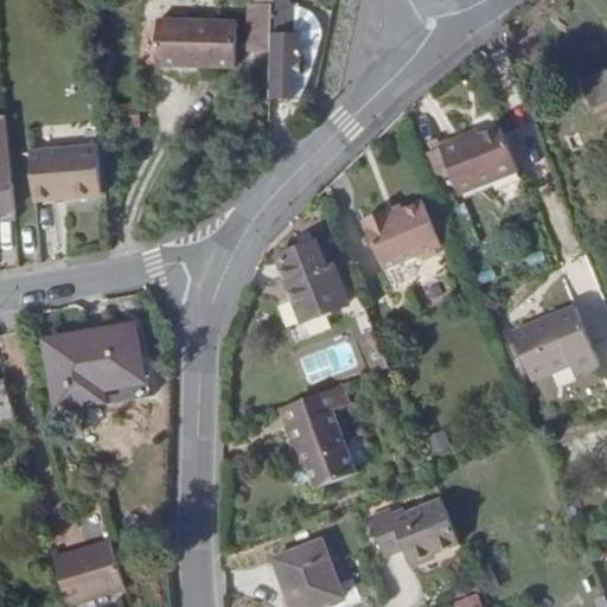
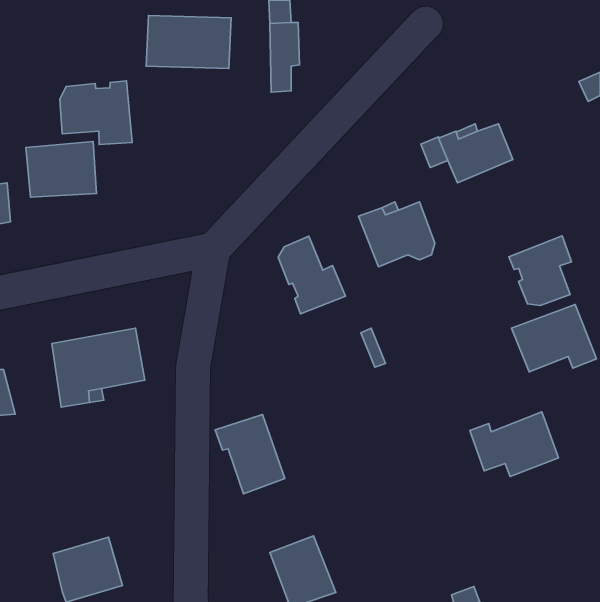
building: none -> [60,81,132,145]
building: none -> [509,236,571,306]
building: [289,403,359,483] -> [215,415,285,494]
building: [369,498,458,563] -> [470,412,558,477]

